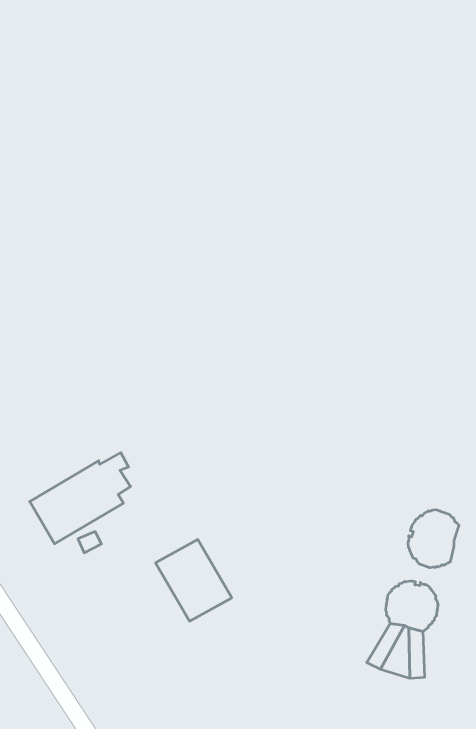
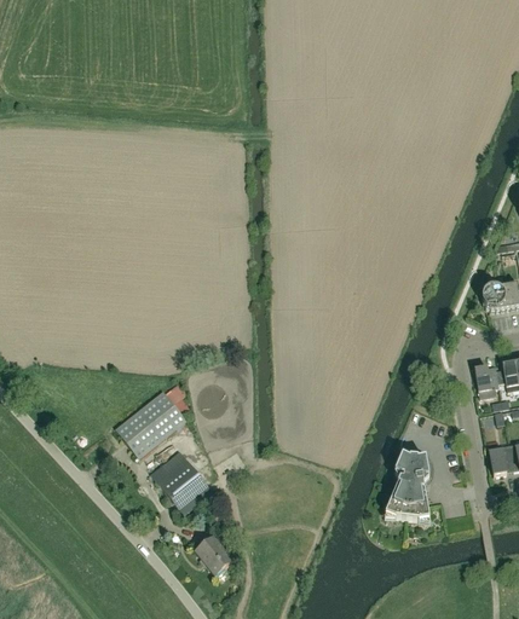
building: [408,510,459,568] -> none
building: [156,540,232,621] -> [152,450,213,511]
building: none -> [197,536,233,574]

